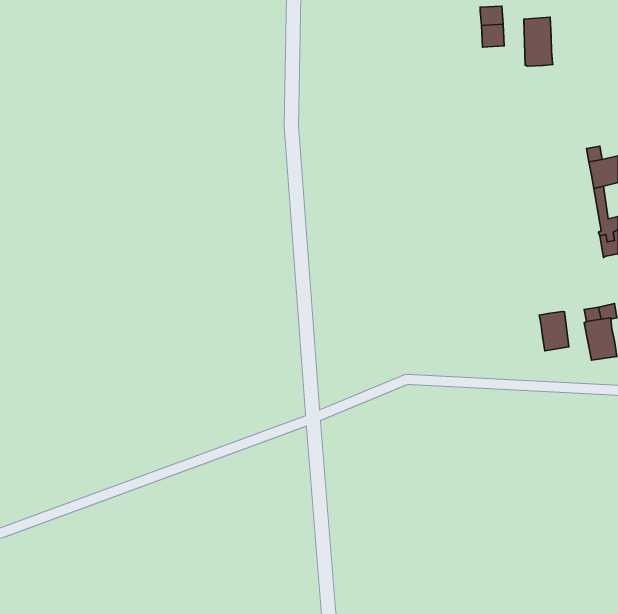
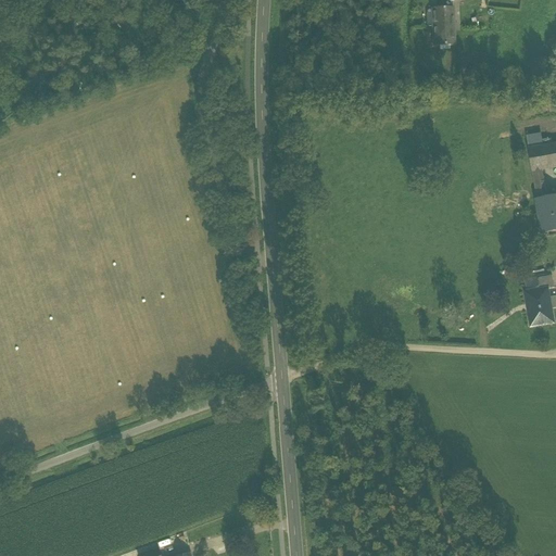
building: [524,17,553,66] -> none
building: [539,312,569,351] -> none

